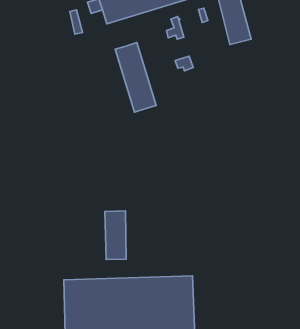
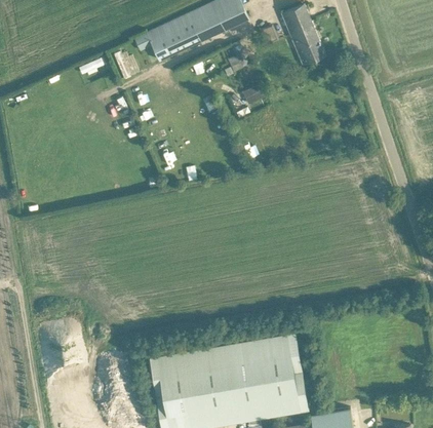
building: [115,43,156,112] -> none
building: [105,211,126,260] -> none

